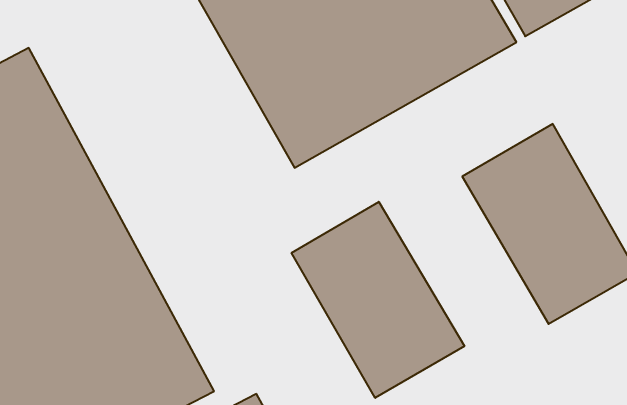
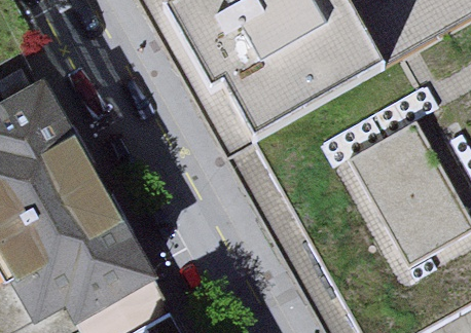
building: [292,202,464,398] -> none

